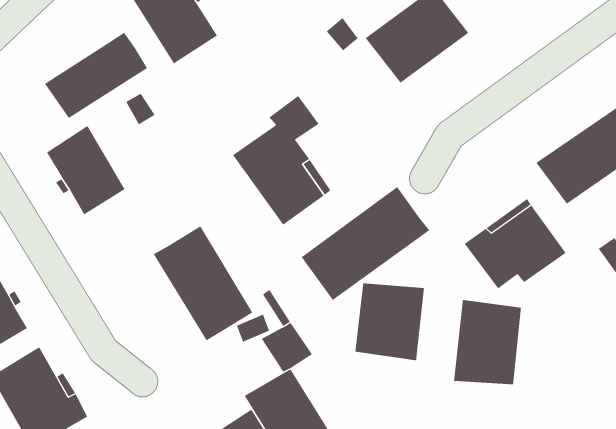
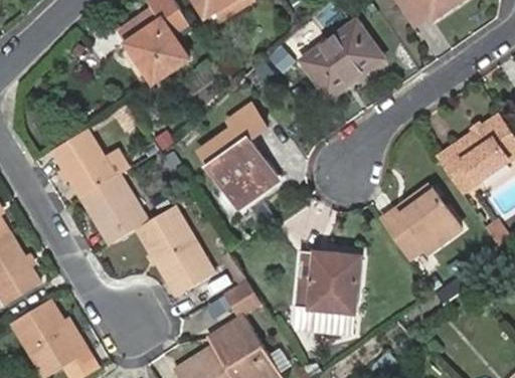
building: [44,32,148,119] -> none
building: none -> [84,175,149,244]
building: [301,186,430,301] -> none
building: [454,299,522,385] -> none

